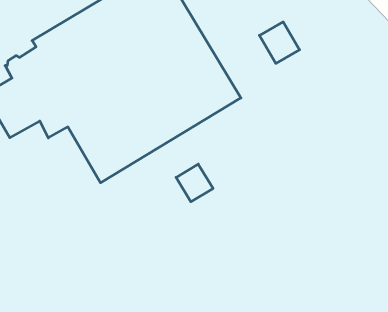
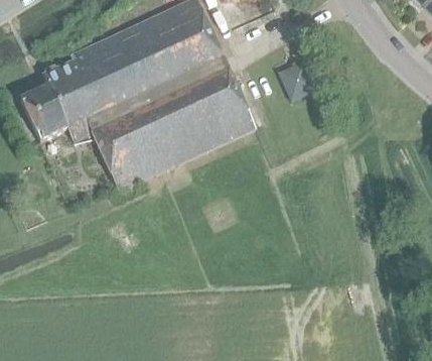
building: [176,164,213,202] -> none

